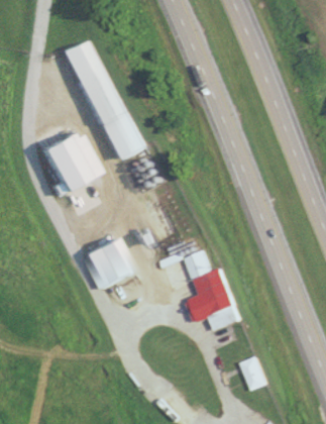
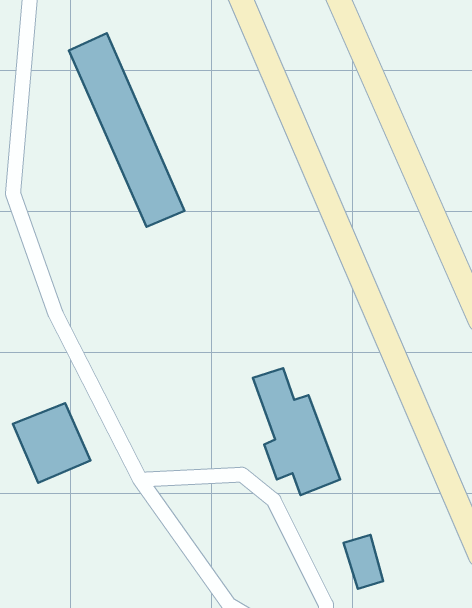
building: [43,130,102,194] -> none
building: [85,238,134,289] -> [13,403,91,483]

